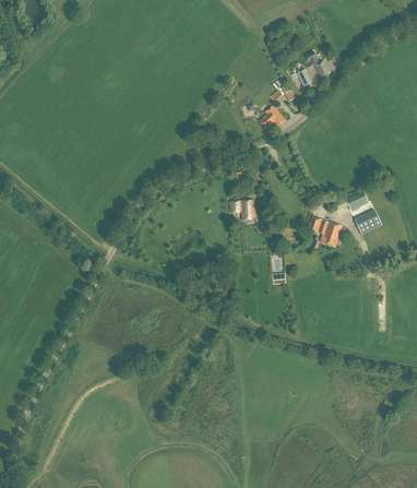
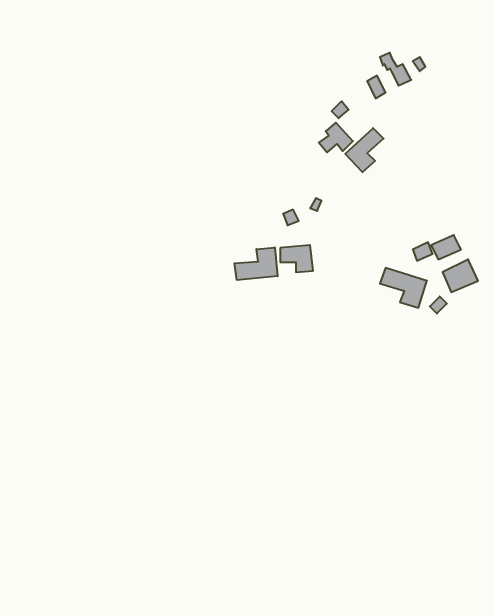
building: none -> [345,128,384,172]
building: none -> [234,247,278,280]

